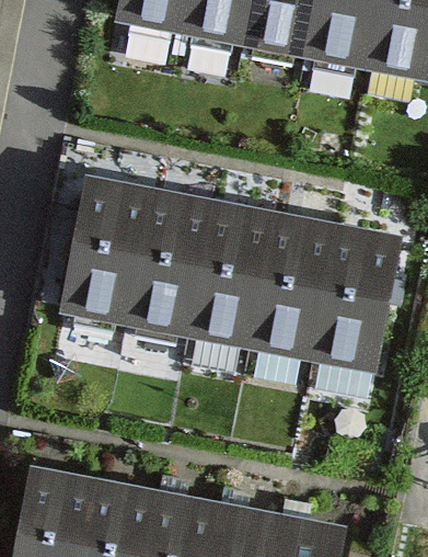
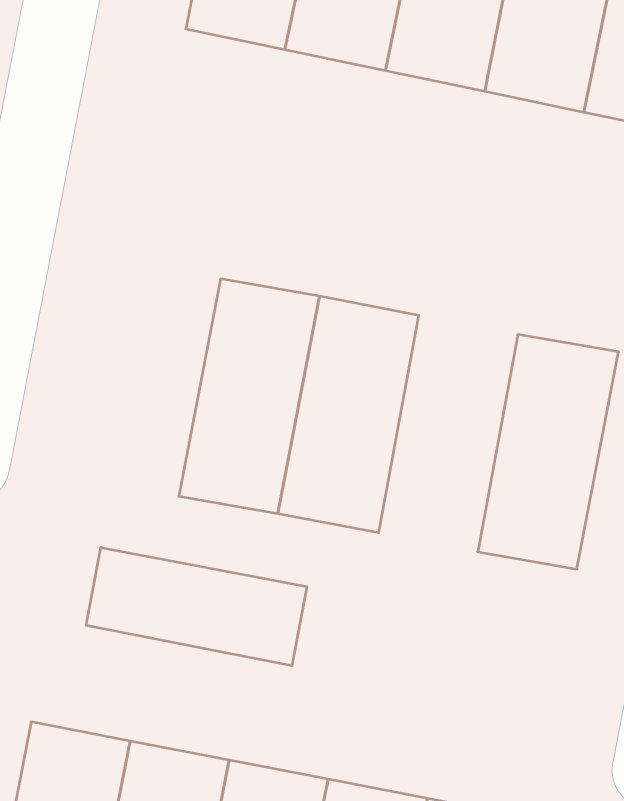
building: [59,175,148,325] -> none
building: [247,211,335,360] -> none
building: none -> [86,547,307,666]

